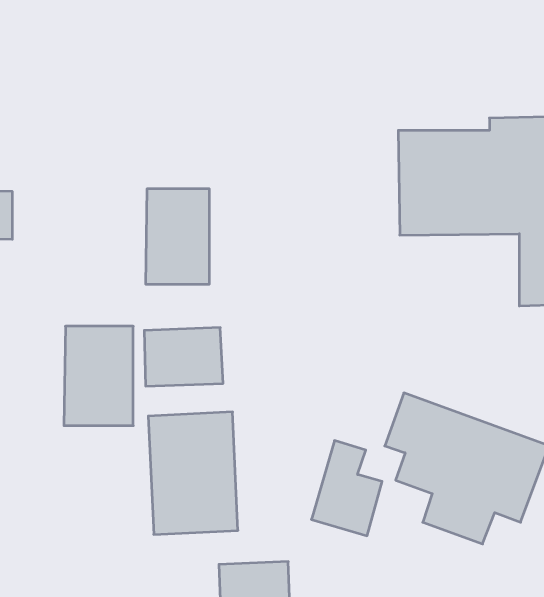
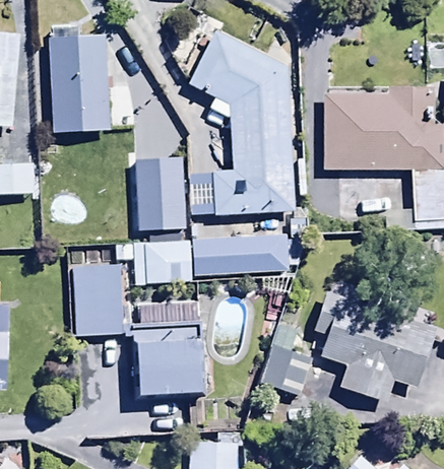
building: none -> [49,13,108,117]
building: none -> [189,34,297,221]
building: none -> [192,239,289,283]

